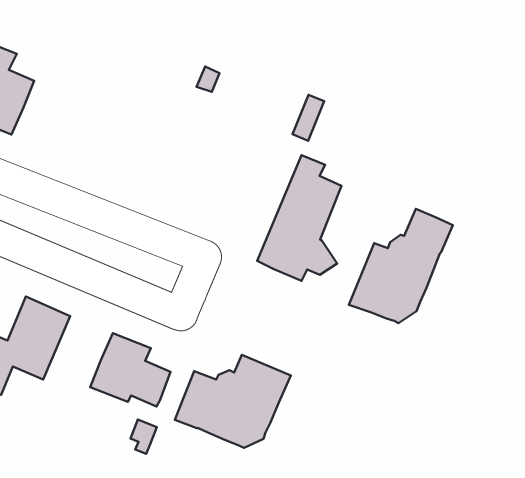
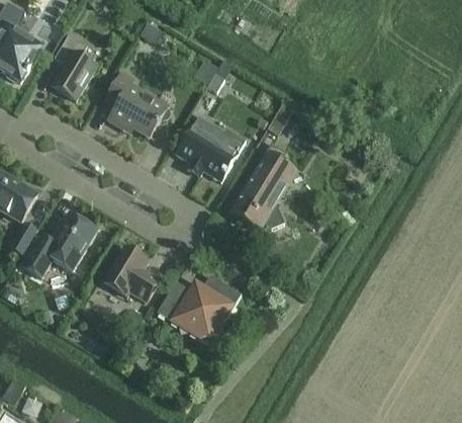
building: none -> [104,71,169,137]
building: none -> [175,116,245,176]
building: [349,209,453,323] -> none

